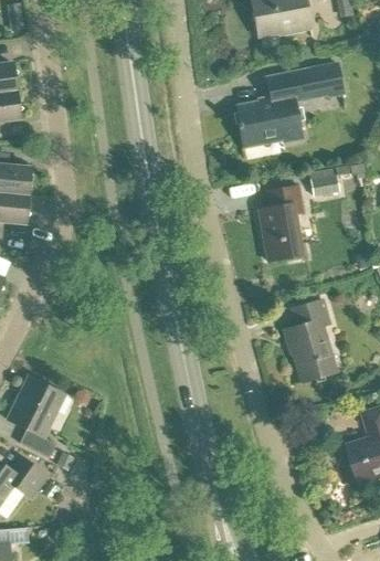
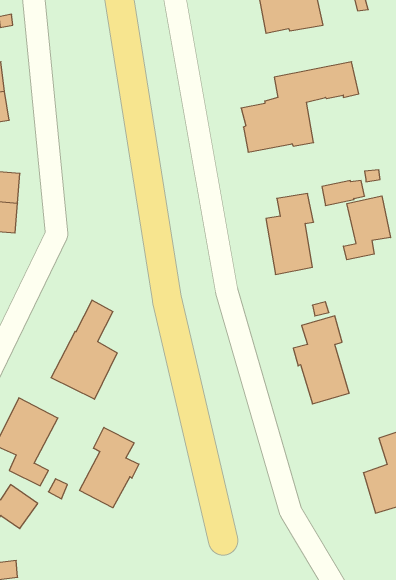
building: none -> [343,196,391,260]
building: none -> [51,300,117,399]
building: none -> [80,427,139,508]

